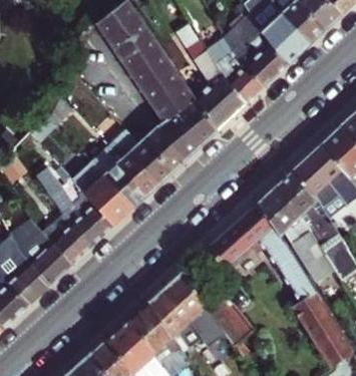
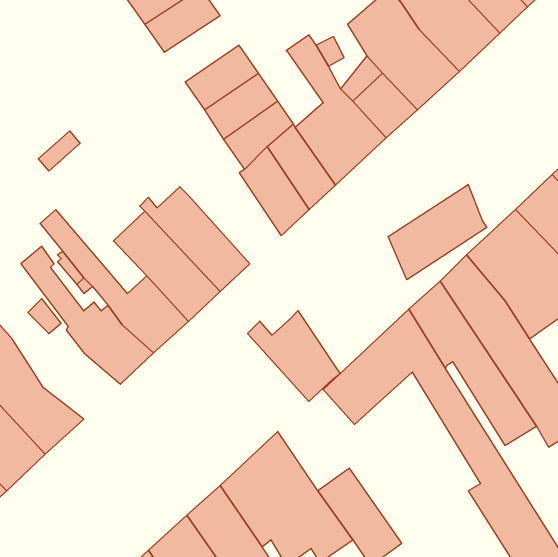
building: [117,33,160,71] -> none
building: [131,123,185,175] -> [248,311,340,401]
building: none -> [388,184,487,280]
building: [39,214,92,265] -> none

